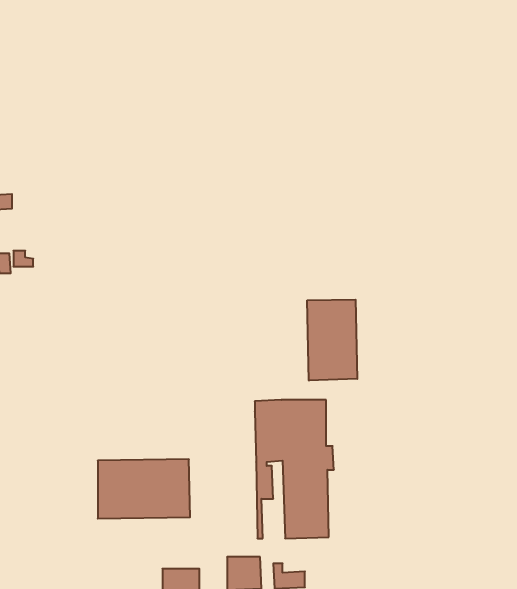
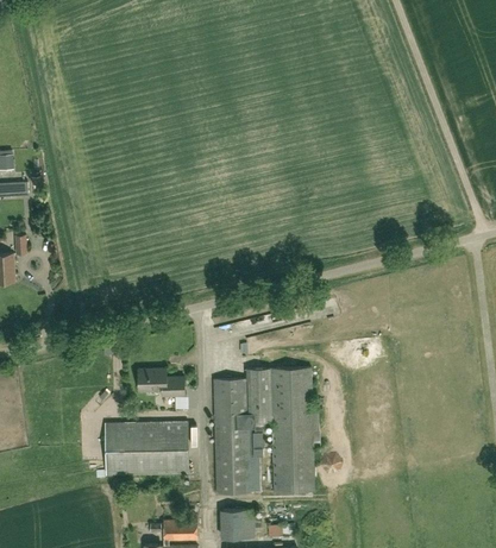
building: [307,300,357,381] -> none
building: none -> [138,369,184,396]
building: none -> [213,378,249,493]

